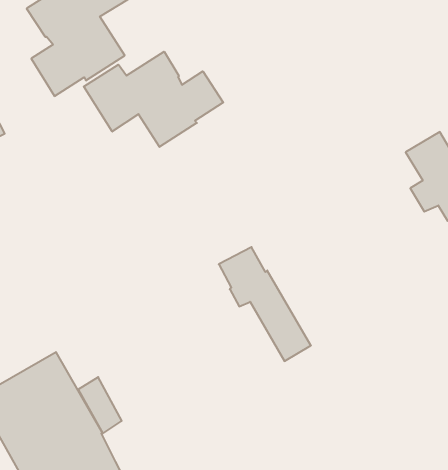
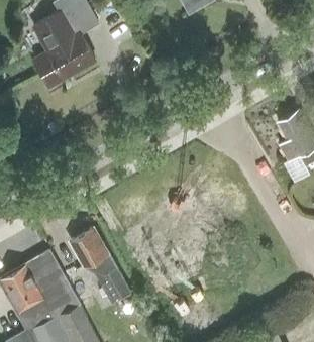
building: [84,52,223,147] -> none
building: [219,247,311,361] -> [71,230,130,304]

